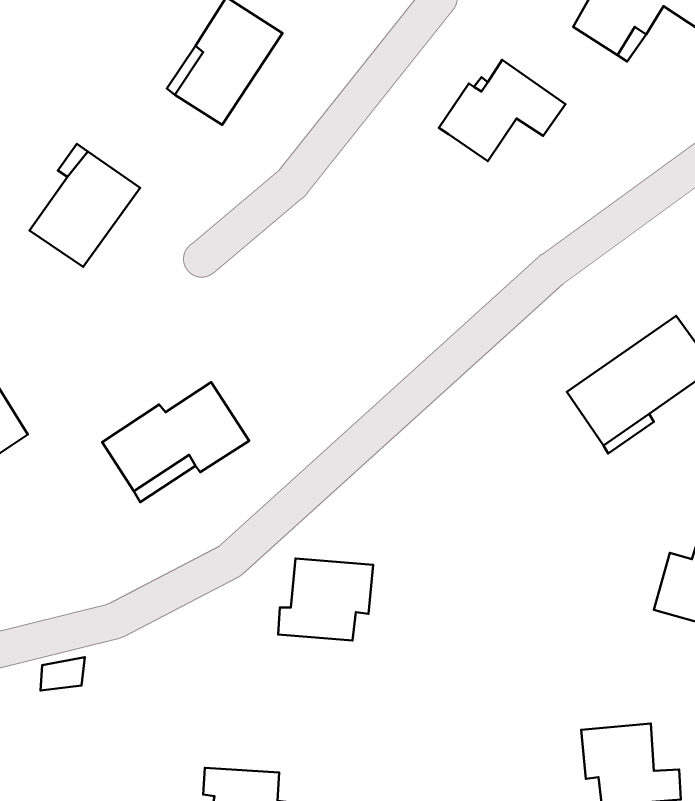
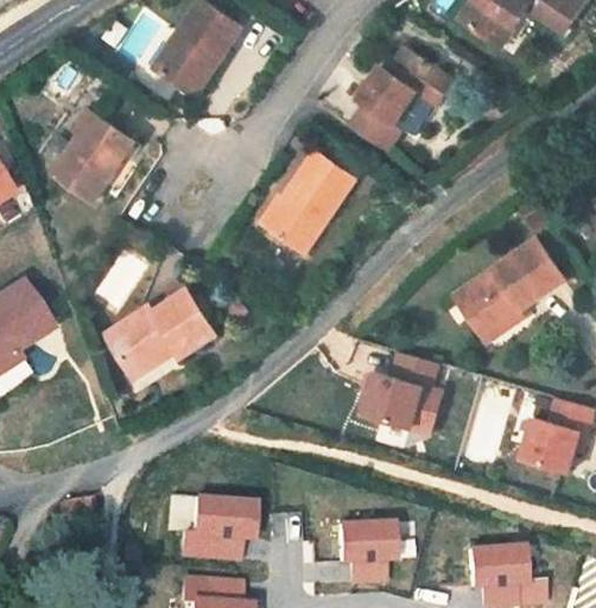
building: none -> [351,102,402,150]
building: none -> [264,154,355,252]
building: none -> [362,352,442,432]
building: [278,559,373,641] -> [180,498,252,559]
building: none -> [336,522,389,582]

